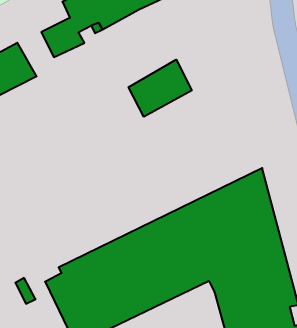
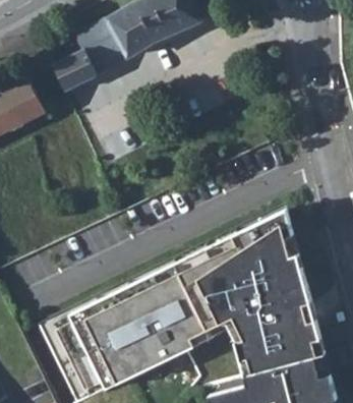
building: [129,60,192,117] -> none

